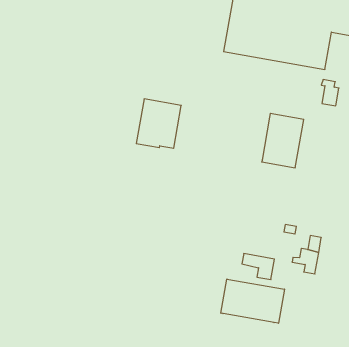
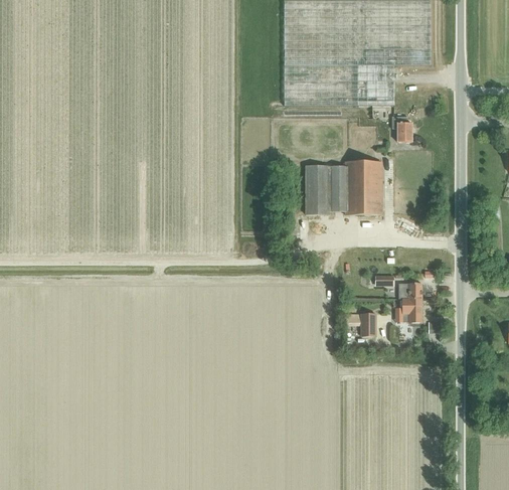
building: [136,99,181,148] -> [305,165,345,213]
building: [221,279,284,323] -> none

